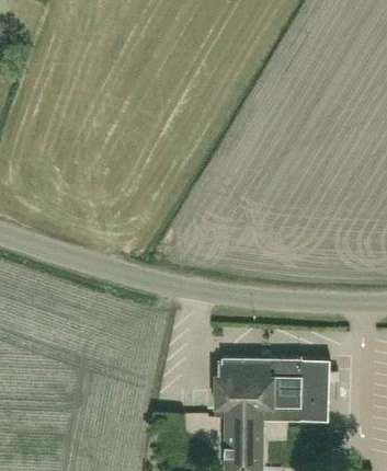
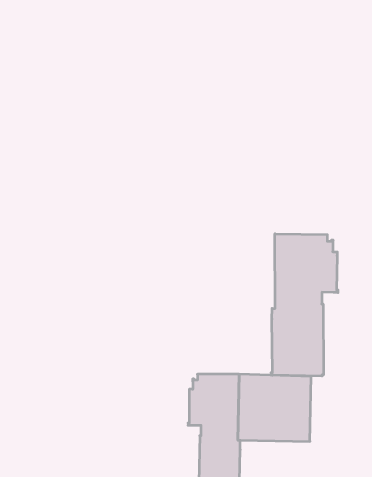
building: none -> [271,234,338,376]

